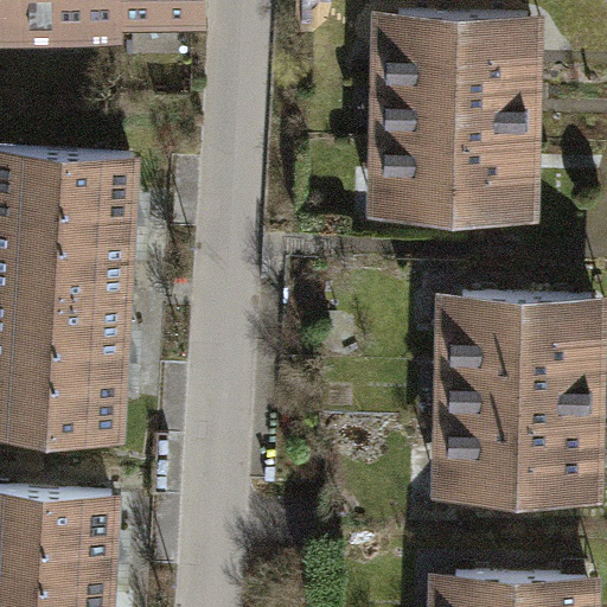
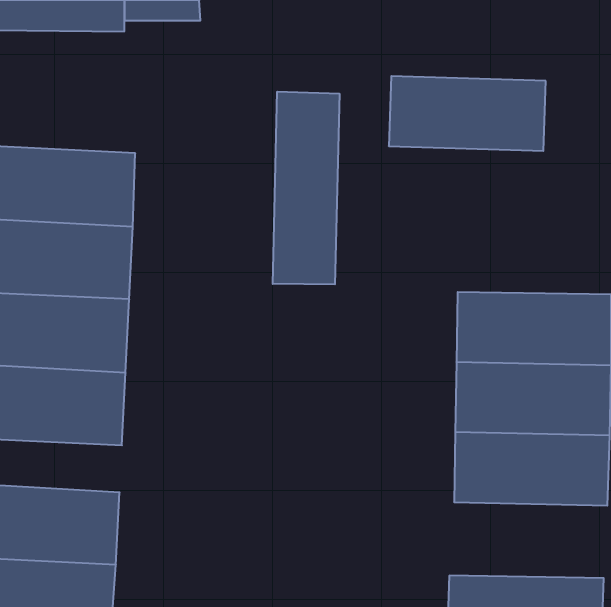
building: [384,15,537,89] -> none
building: none -> [273,92,339,284]
building: [381,153,533,226] -> none

